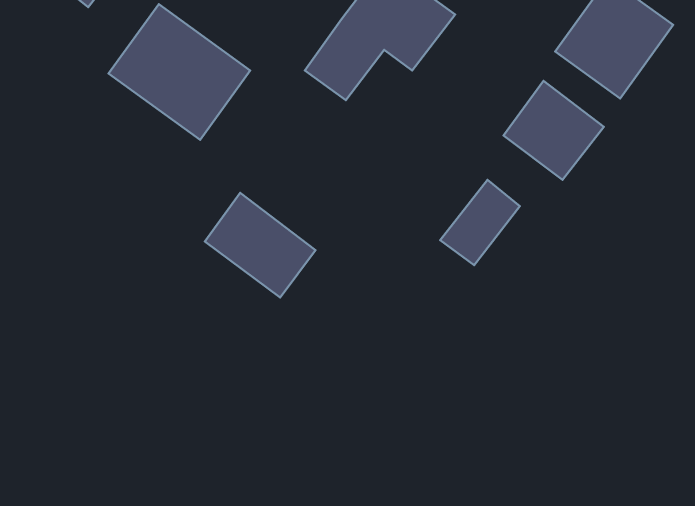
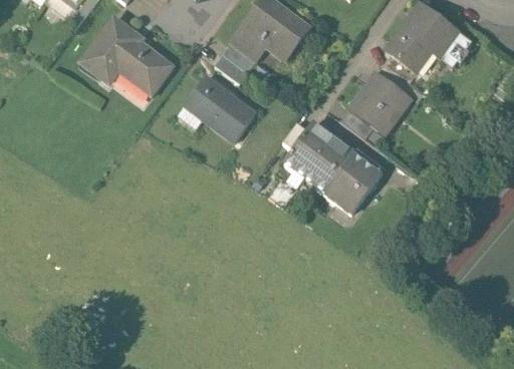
building: none -> [282,120,336,178]
building: [205,193,315,298] -> [182,72,257,143]
building: none -> [327,155,381,213]

